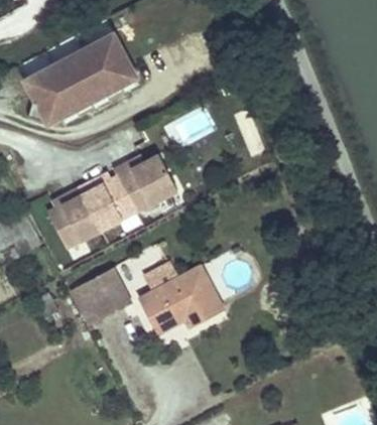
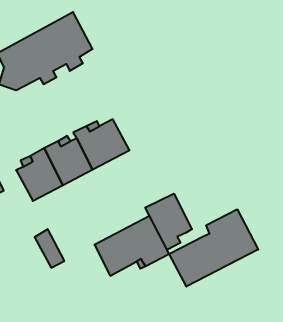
building: none -> [145,194,192,250]
building: none -> [169,209,258,287]
building: [85,266,130,316] -> none

